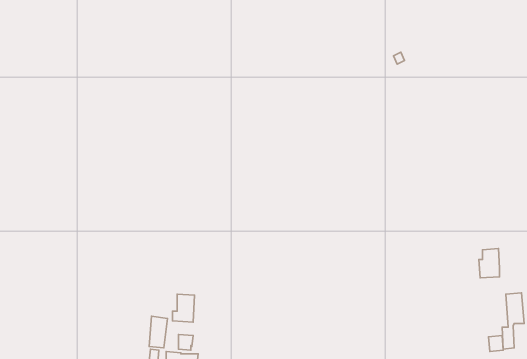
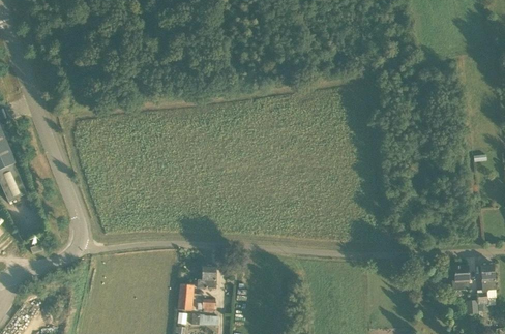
building: [479,249,500,278] -> [451,265,469,290]

